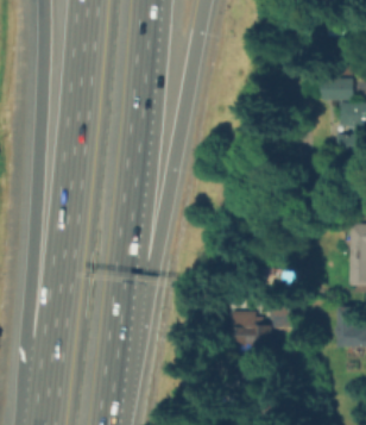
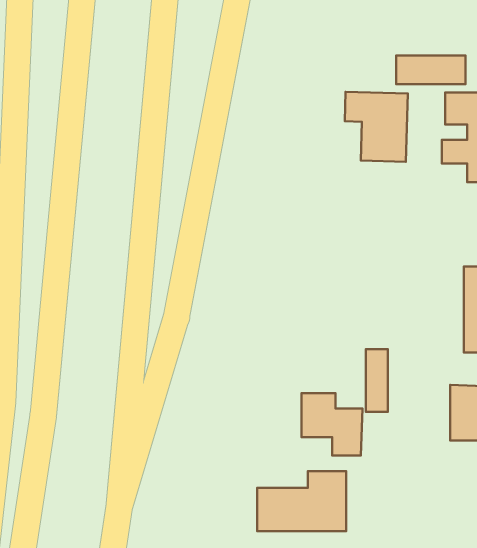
building: none -> [345,92,408,162]
building: none -> [257,471,346,531]

